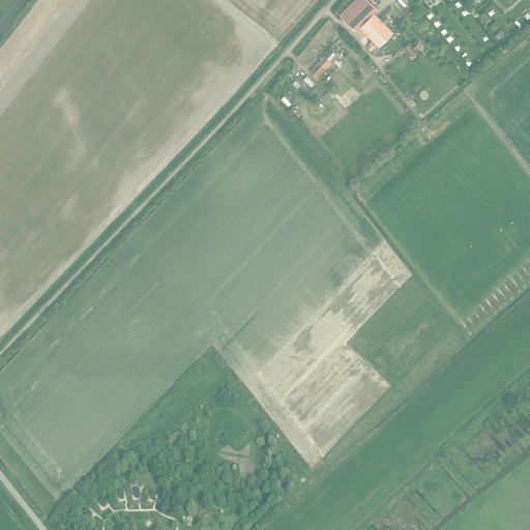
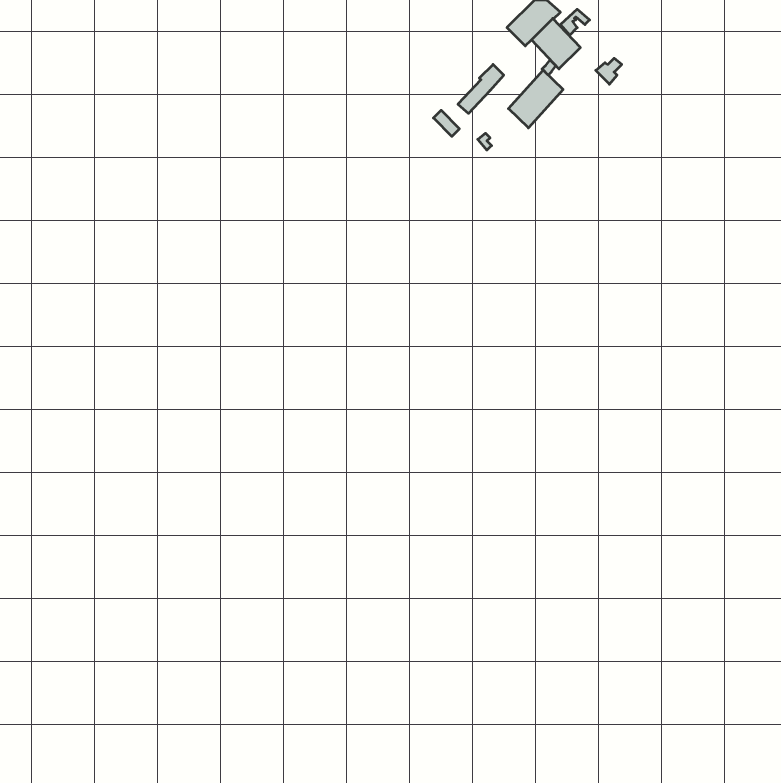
building: none -> [508,70,563,128]

